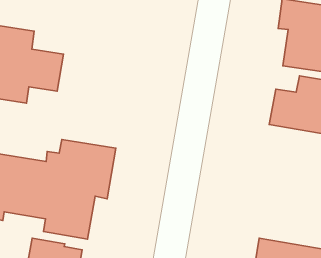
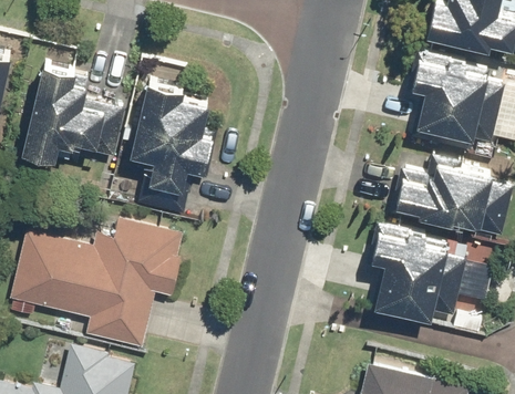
building: none -> [127,82,215,214]
building: none -> [369,222,451,323]

